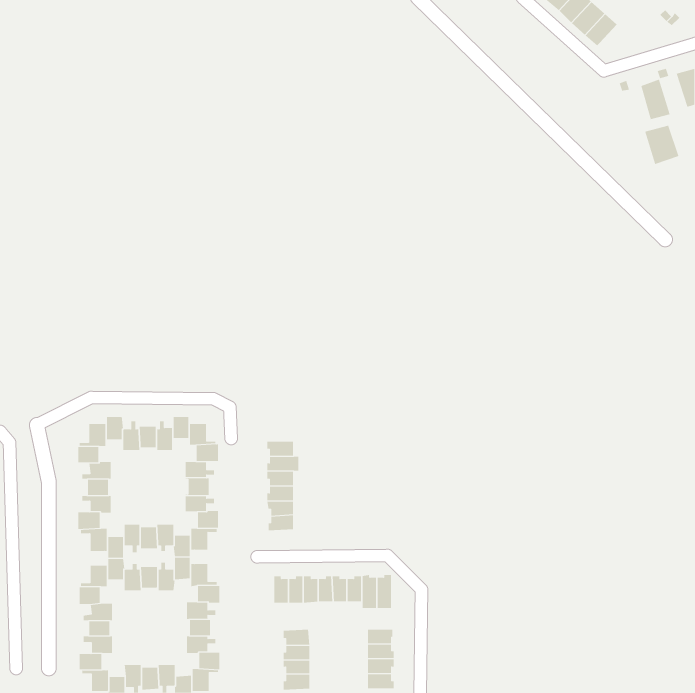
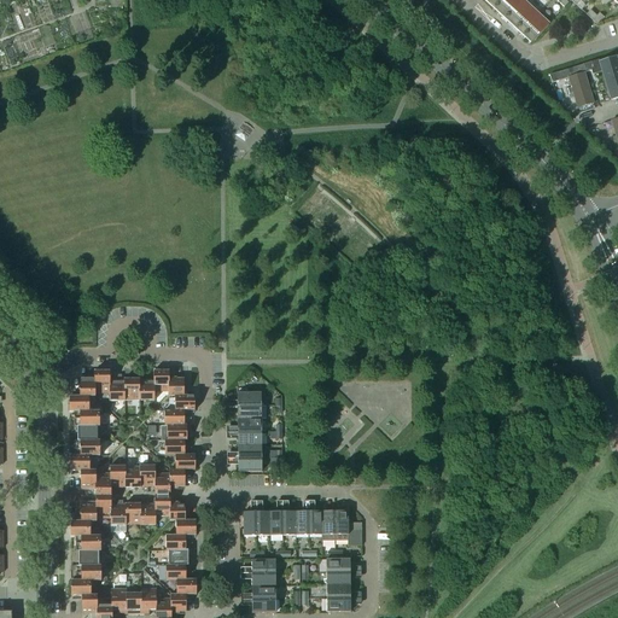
building: [645,125,679,165] -> none

